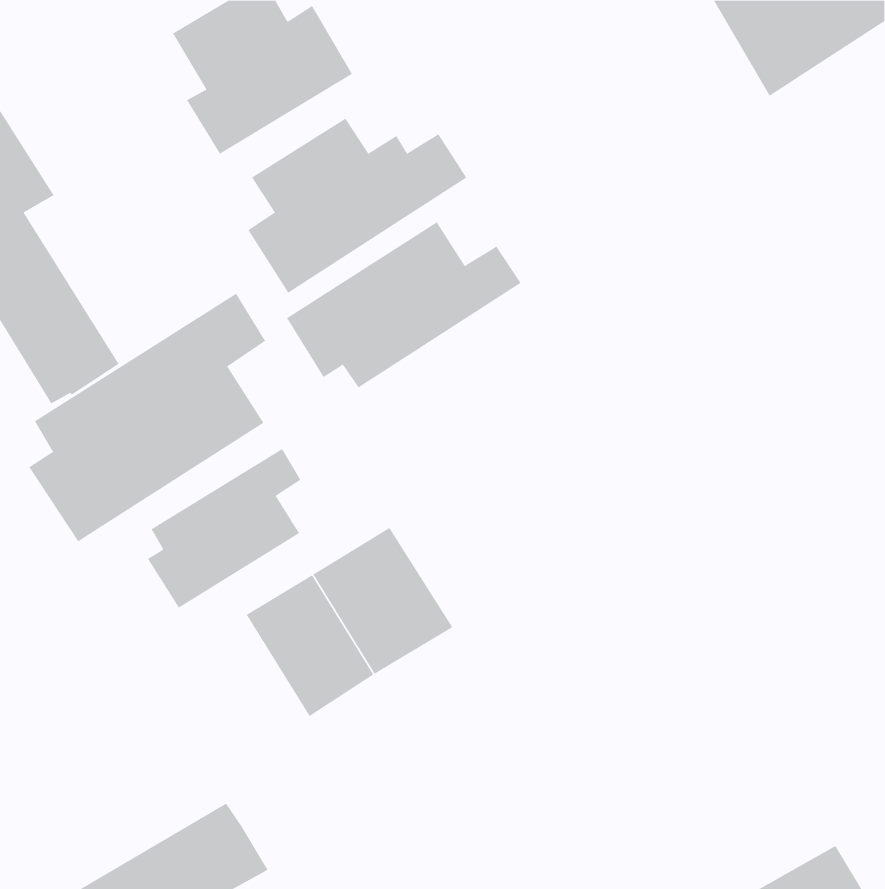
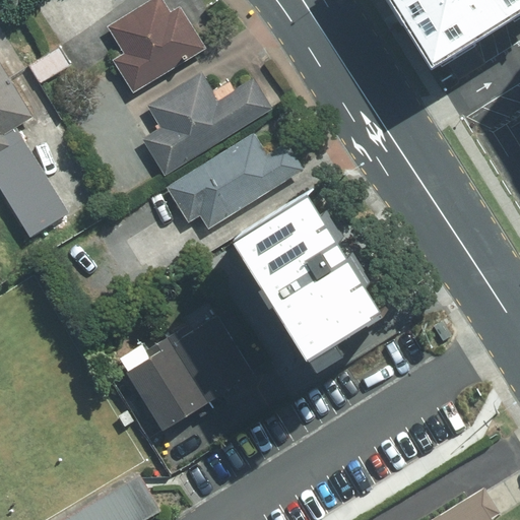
building: [29,293,266,542] -> none
building: none -> [208,183,393,380]
building: [147,448,301,608] -> none

